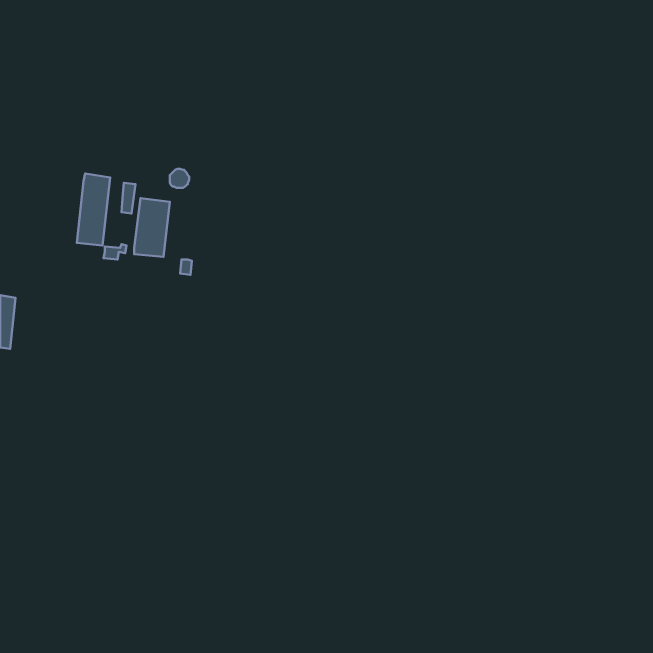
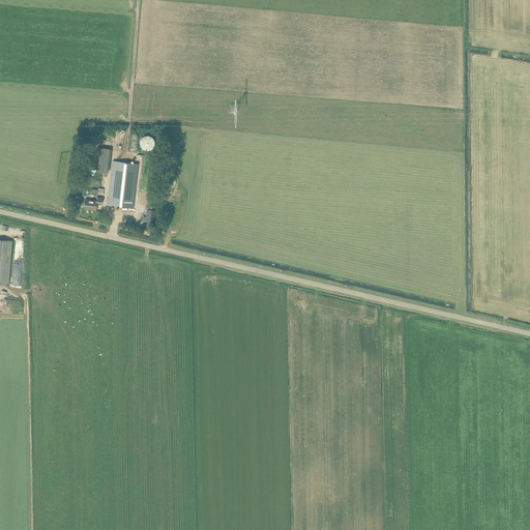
building: [77,173,110,245] -> none

